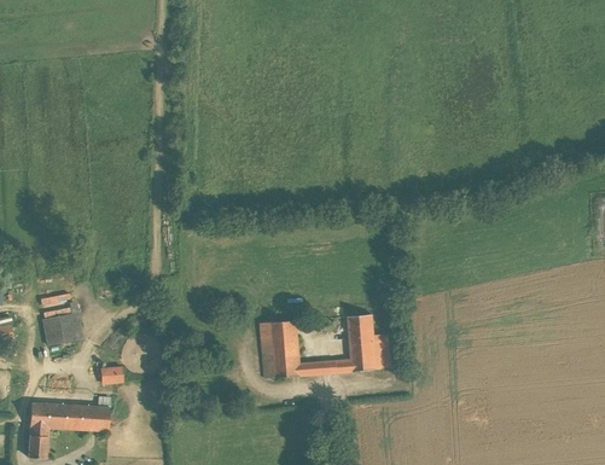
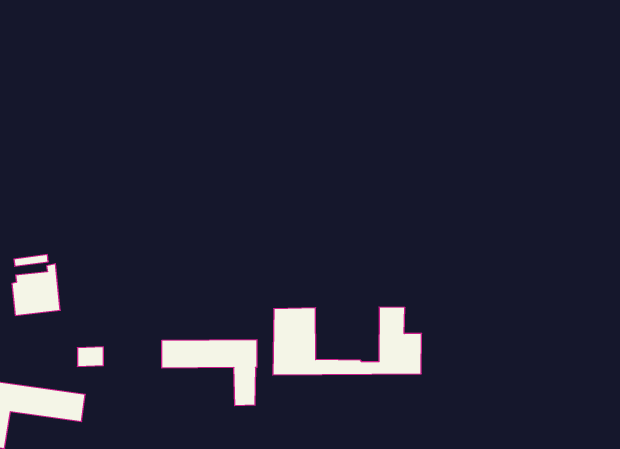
building: none -> [162,340,257,406]

